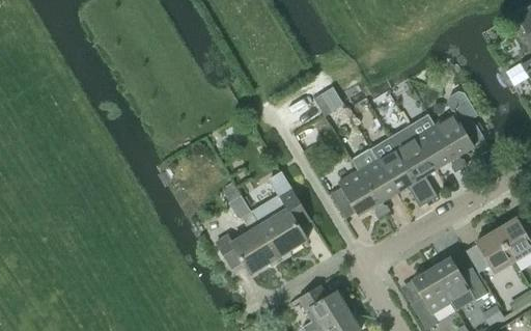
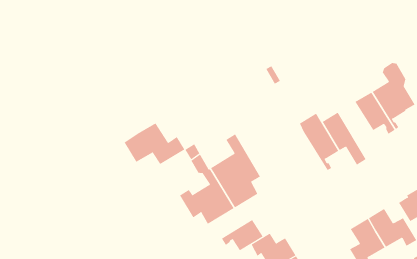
building: [397,135,437,200] -> none
building: none -> [124,122,185,165]
building: [330,170,385,218] -> none
building: none -> [221,219,263,251]

